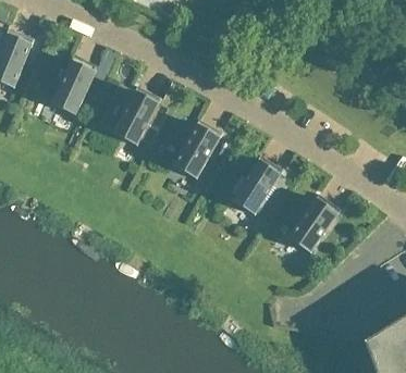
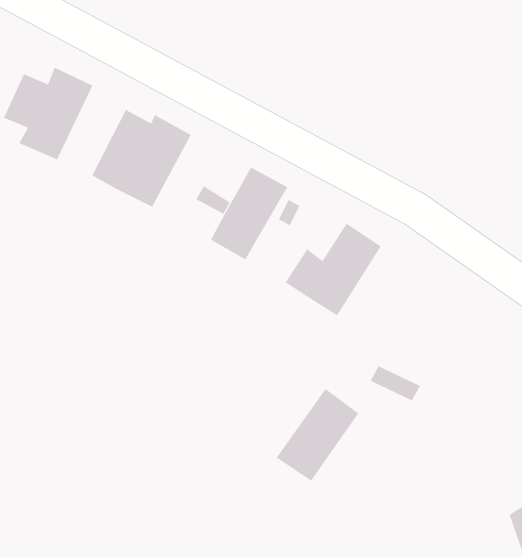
building: [287,195,341,254] -> [276,388,359,481]

